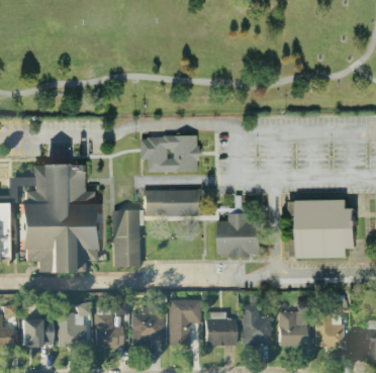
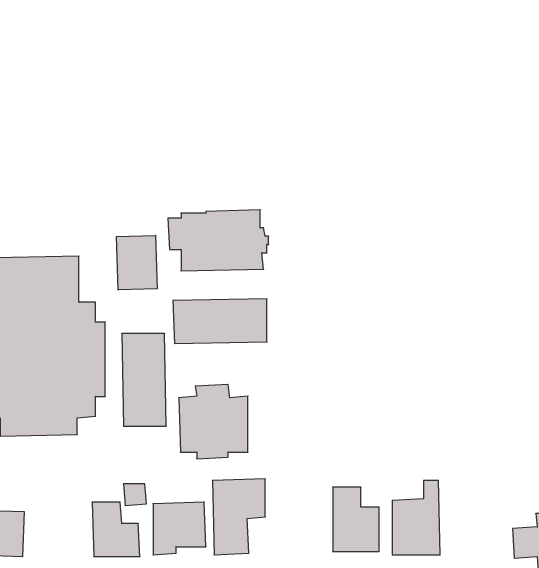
building: none -> [116,235,157,290]
building: [289,200,356,256] -> none
building: [218,212,261,258] -> [179,384,248,459]
building: [58,303,91,346] -> none
building: [206,312,238,346] -> none
building: [315,313,344,347] -> none

